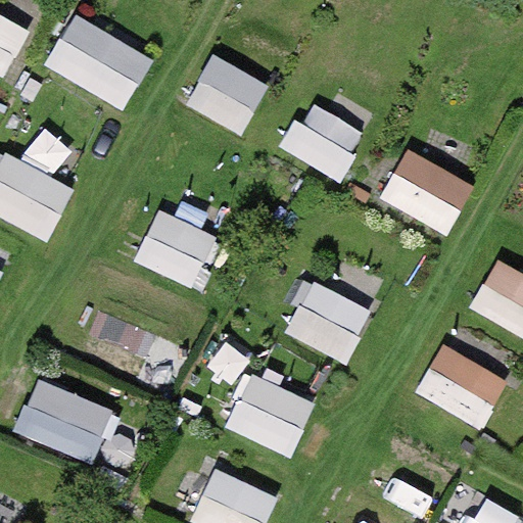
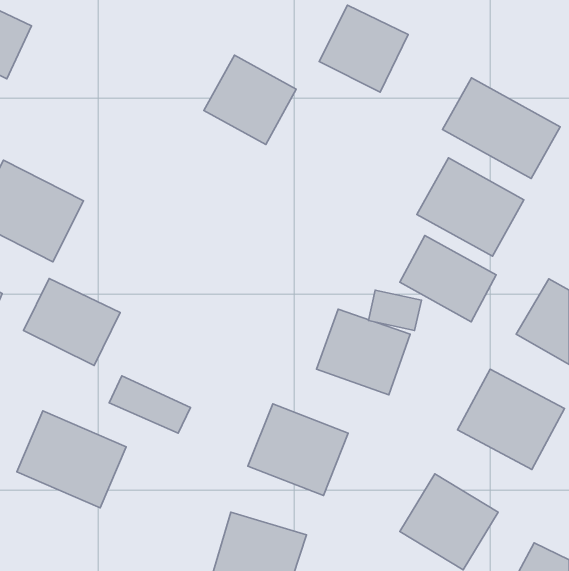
building: [43,13,154,110] -> none
building: none -> [443,78,560,179]
building: [283,103,364,182] -> [319,5,408,92]
building: [132,213,220,292] -> [23,279,120,365]
building: none -> [400,235,496,322]

